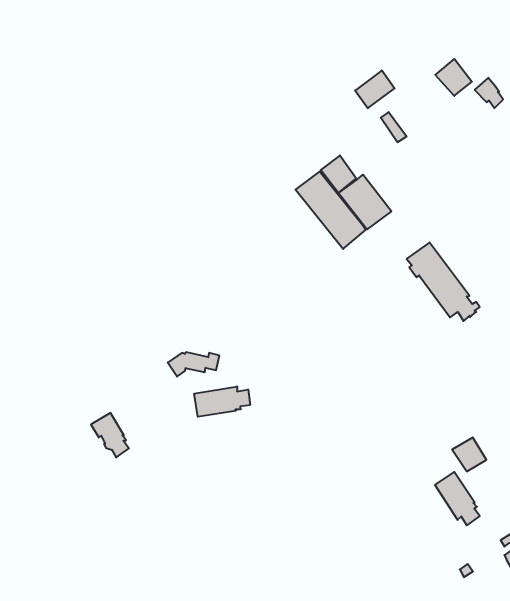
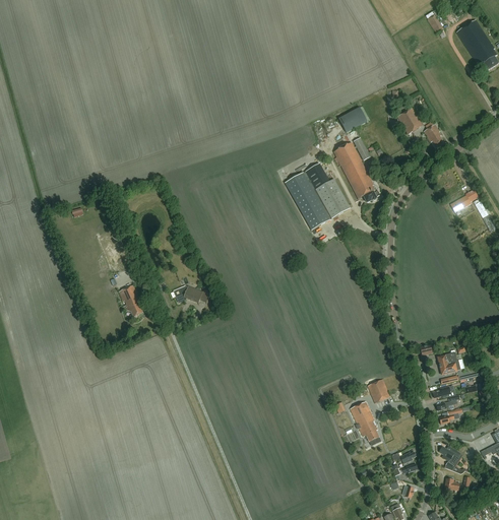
building: [407,242,480,321] -> [332,142,379,202]
building: [194,386,250,417] -> none
building: [91,413,129,458] -> [118,284,142,317]

